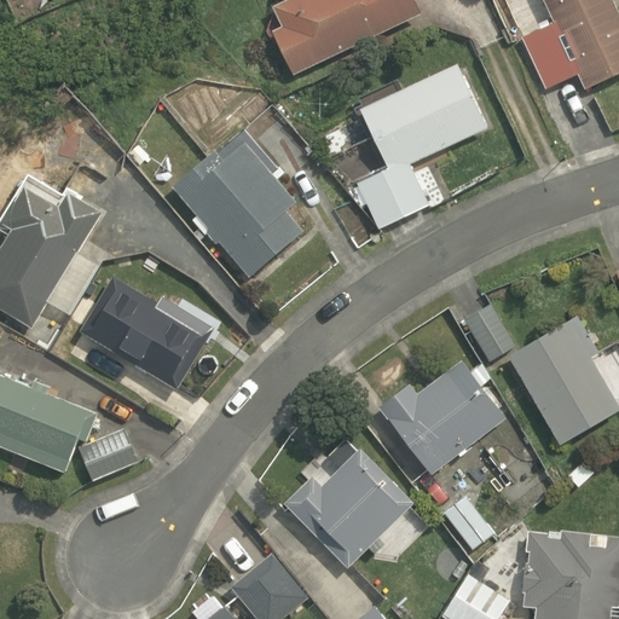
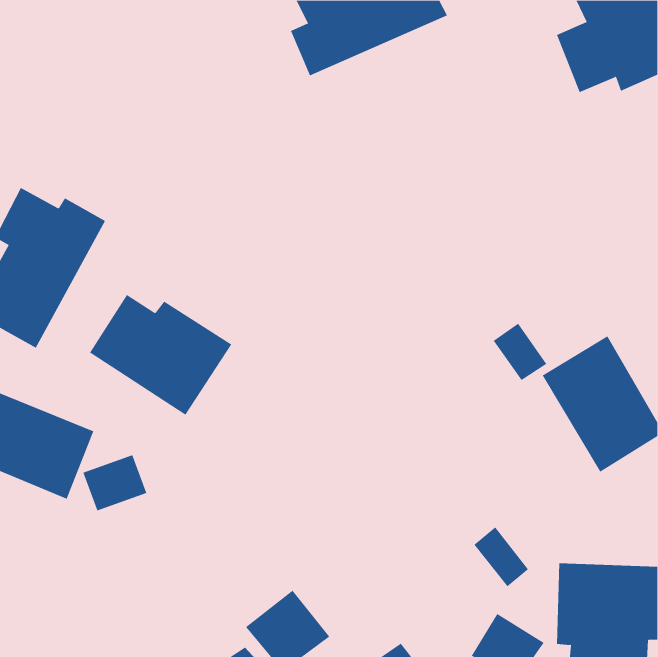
building: [354,59,487,228] -> none
building: [174,144,310,274] -> none
building: [377,358,502,473] -> none
building: [283,444,418,568] -> none

